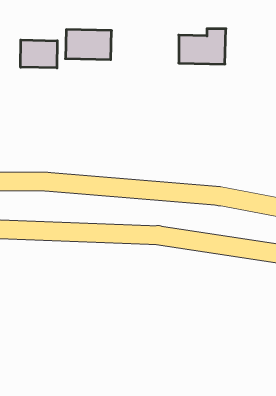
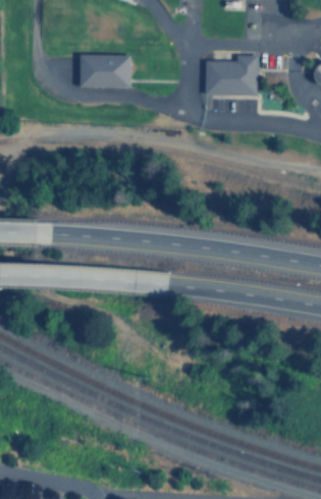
building: [21,40,57,68] -> none

